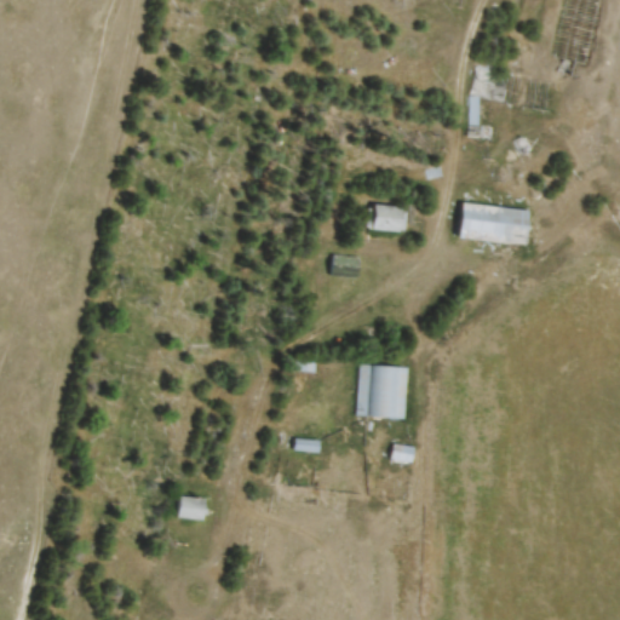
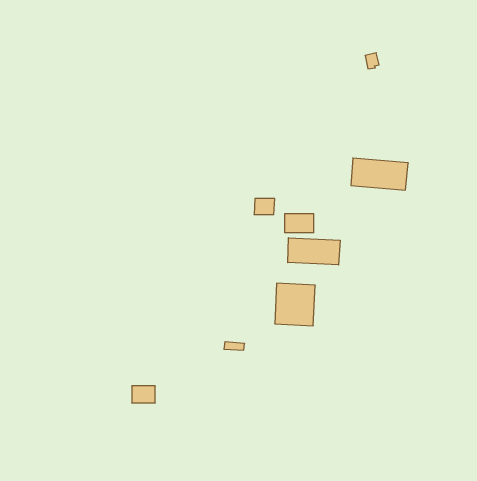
building: [369,206,407,230] -> [285,214,314,233]
building: none -> [288,238,340,265]

